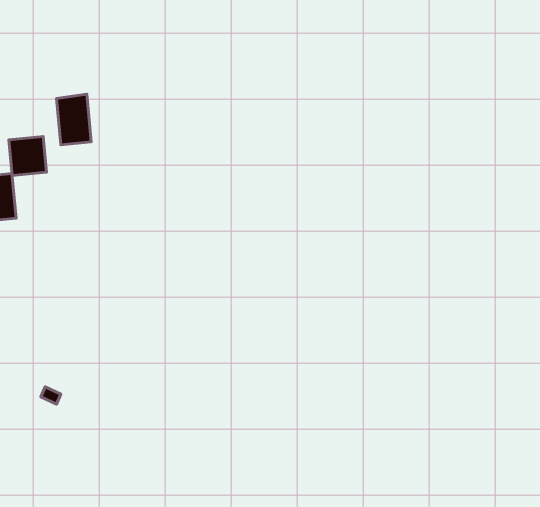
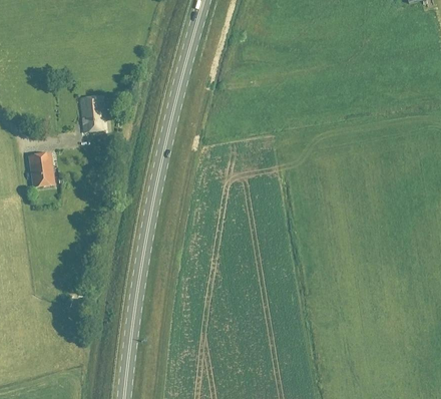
building: [9,137,46,175] -> none

